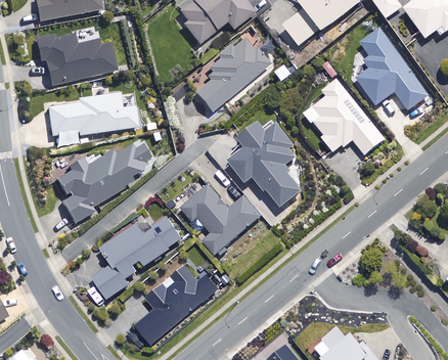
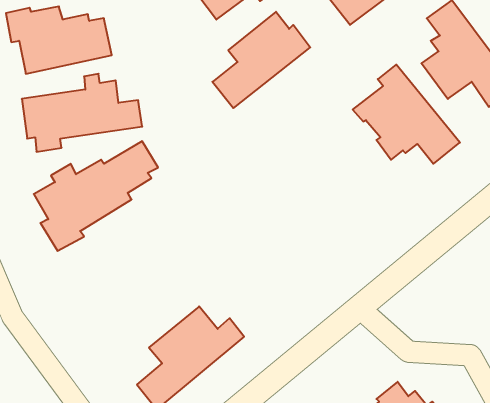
building: [228,122,302,207] -> none
building: [180,183,262,254] -> none
building: [92,215,182,299] -> none

